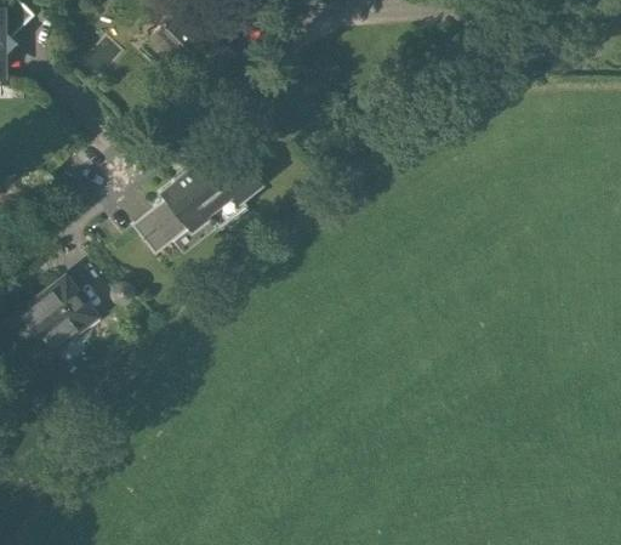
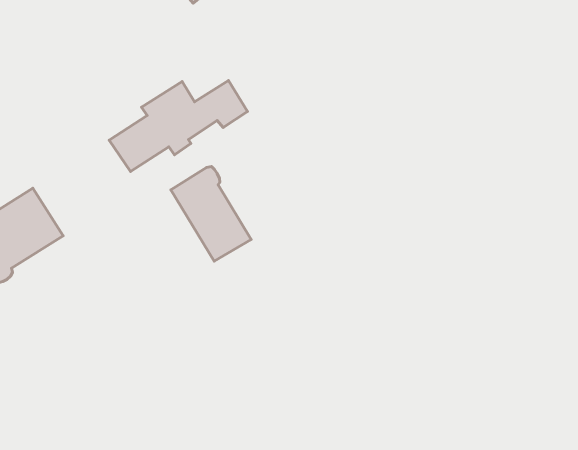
building: none -> [171,167,251,261]

